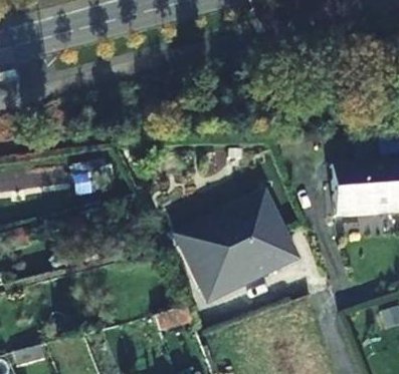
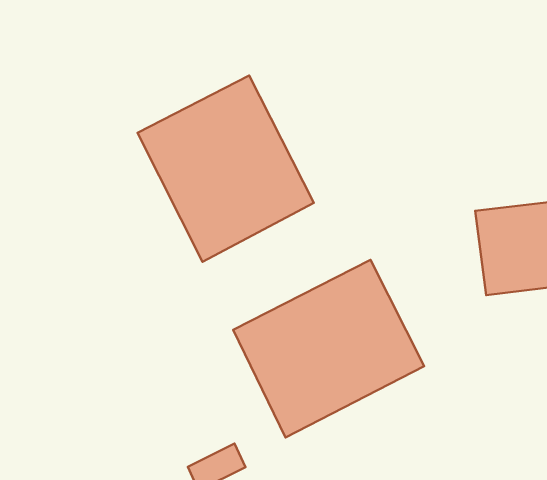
building: none -> [138,76,314,262]

